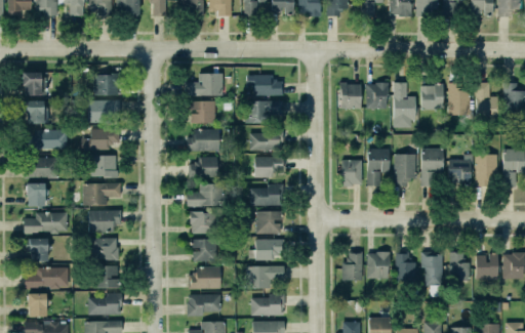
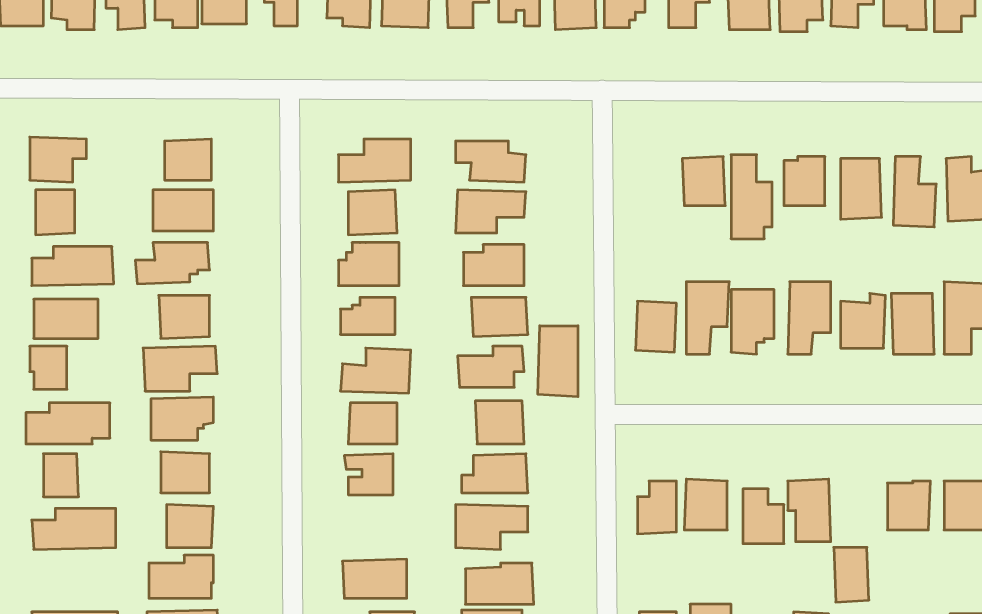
building: [341,84,362,109] -> none
building: none -> [538,326,578,397]
building: [450,252,469,281] -> [834,547,869,602]
building: [189,266,221,289] -> none
building: [25,292,45,316] -> none

